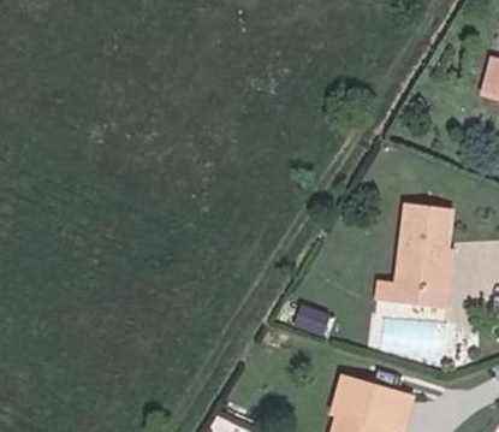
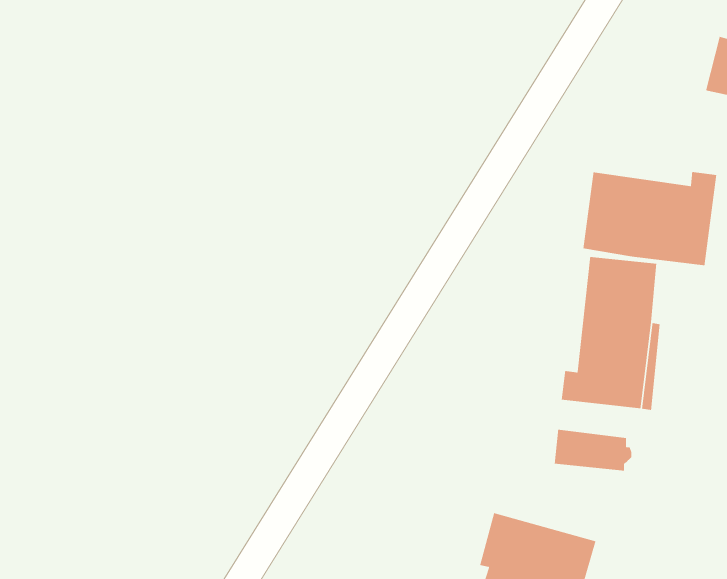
building: none -> [582,171,717,266]

